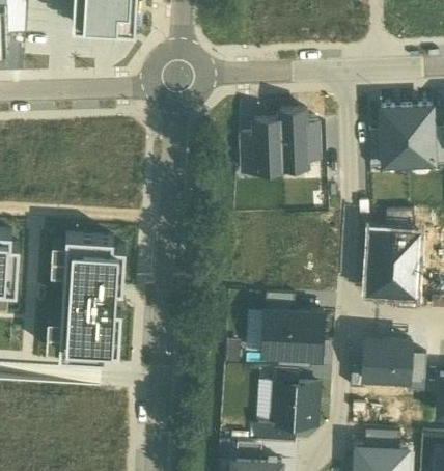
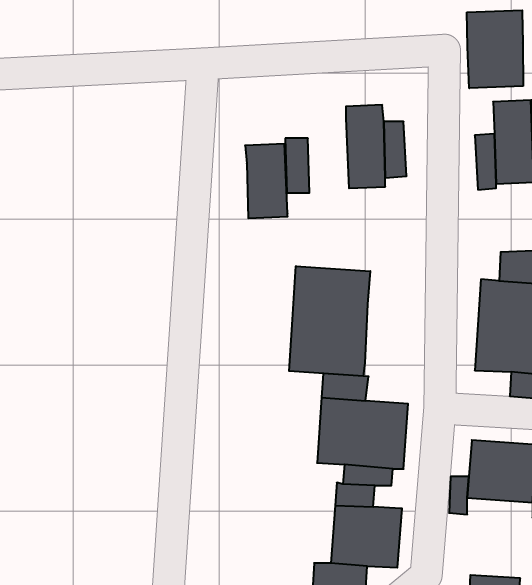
building: none -> [467,10,523,88]
building: [252,121,281,172] -> [245,144,288,218]
building: none -> [289,266,370,376]
building: [57,237,124,362] -> none

